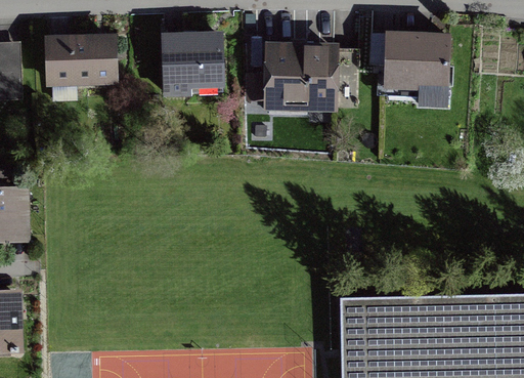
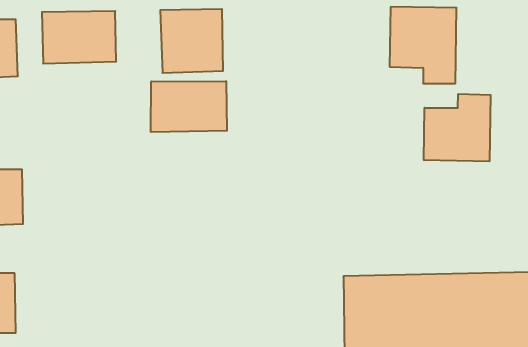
building: [264,42,338,111] -> none
building: none -> [151,81,227,132]
building: none -> [424,94,491,161]

